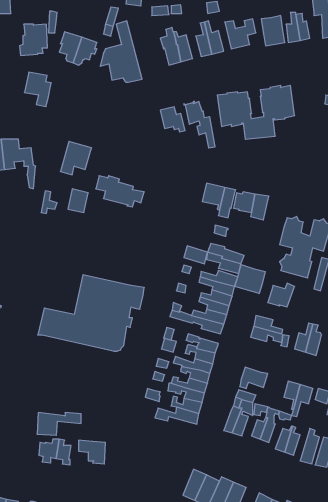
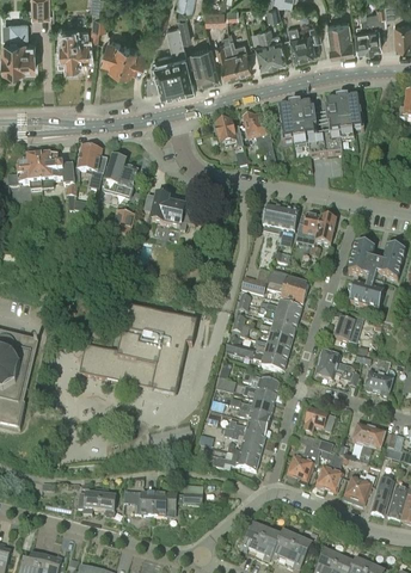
building: none -> [190,43,219,80]
building: [24,72,51,107] -> [76,146,106,184]
building: [235,265,265,294] -> none
building: [37,413,81,435] -> [153,492,202,517]

